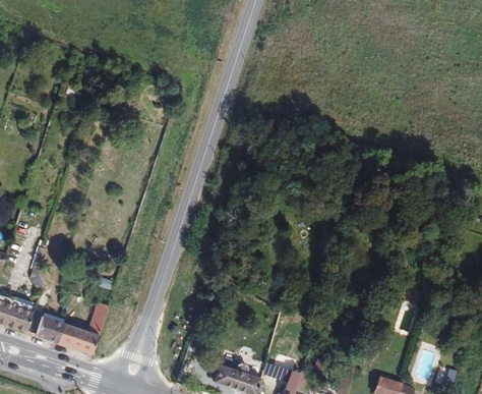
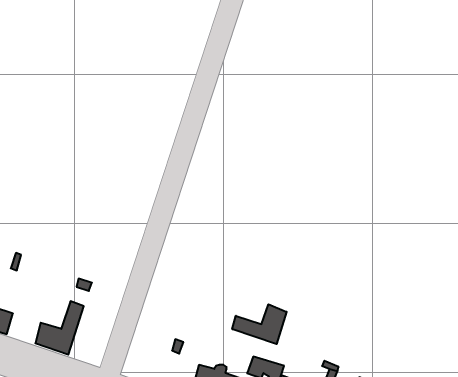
building: none -> [232,304,287,344]
building: [29,313,63,342] -> none

